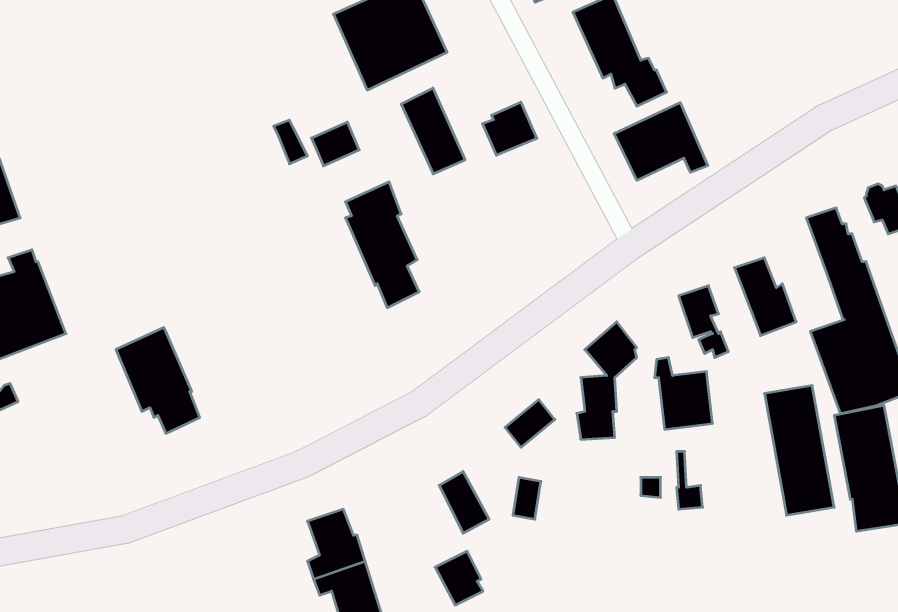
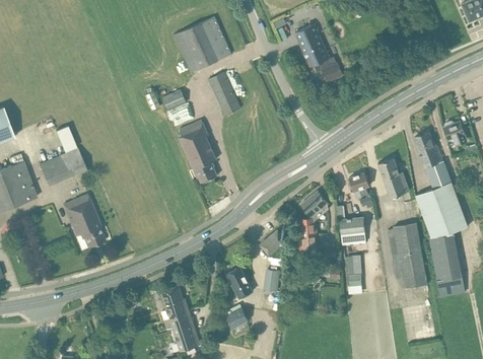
building: [482,102,537,155] -> none
building: [614,103,708,180] -> none
building: none -> [39,126,87,186]

